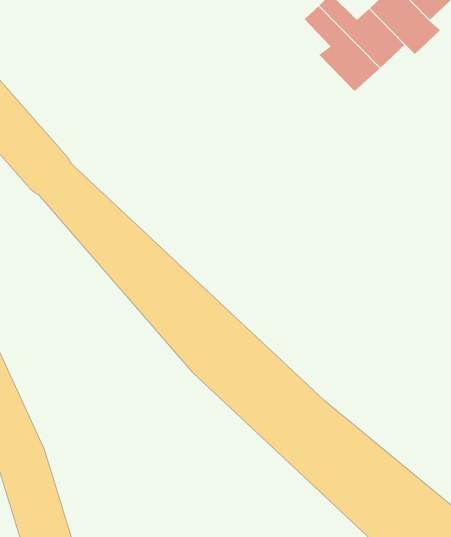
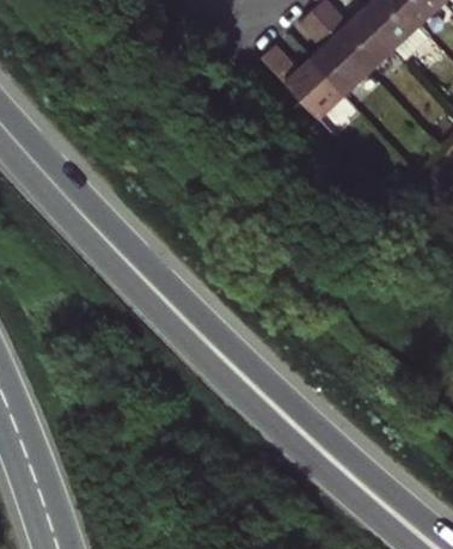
building: none -> [261,47,345,118]

